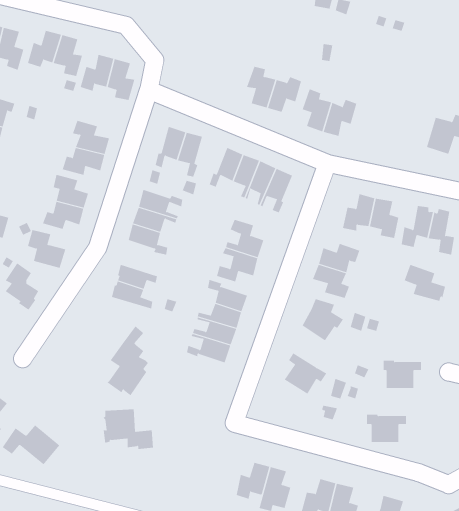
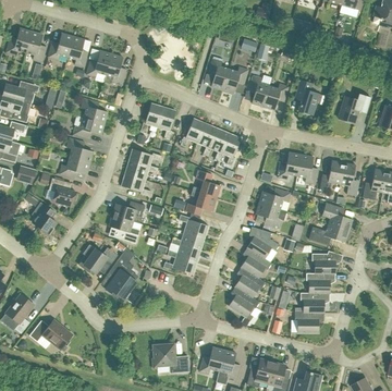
building: none -> [295,80,324,114]
building: none -> [308,224,347,244]
building: none -> [78,246,118,272]
building: none -> [241,247,271,278]
building: none -> [311,251,342,273]
building: none -> [229,286,259,317]
building: none -> [299,292,329,313]
building: [103,409,154,449] -> [151,343,188,372]

